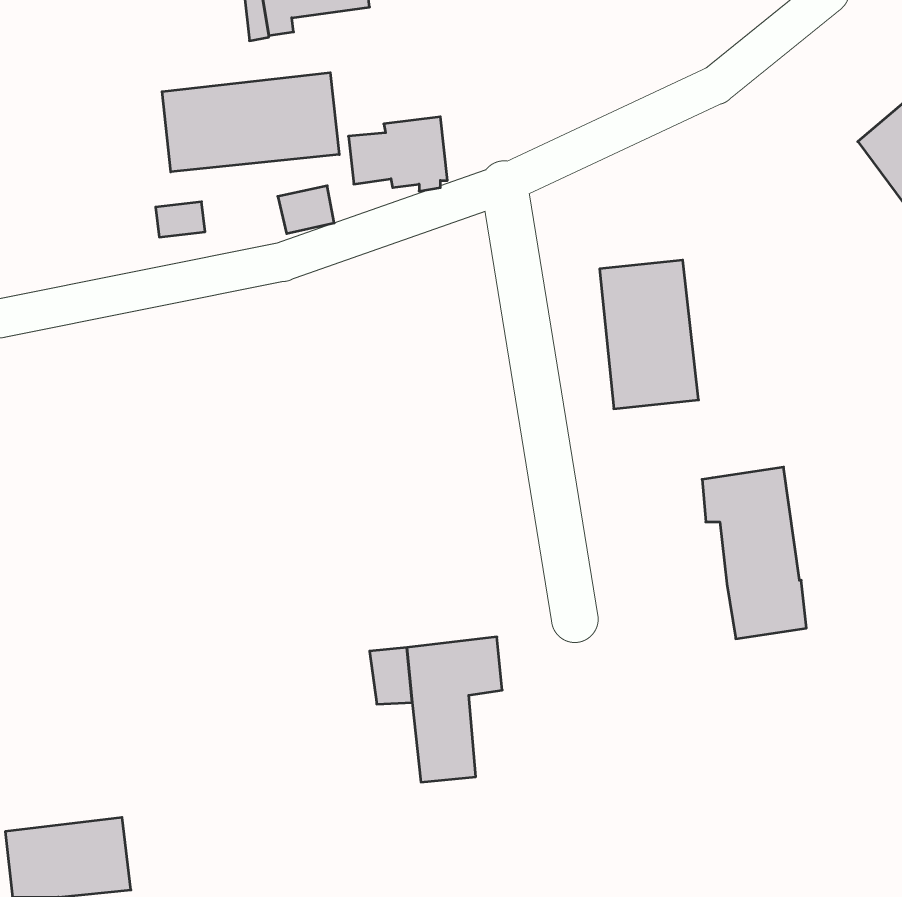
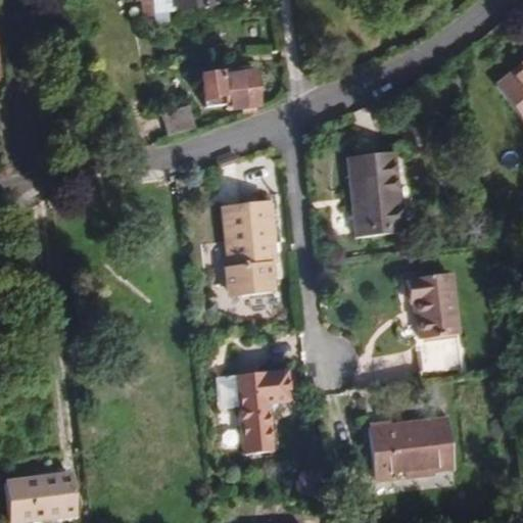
building: [162,73,339,172] -> none
building: none -> [221,199,276,296]
building: none -> [371,415,456,477]

